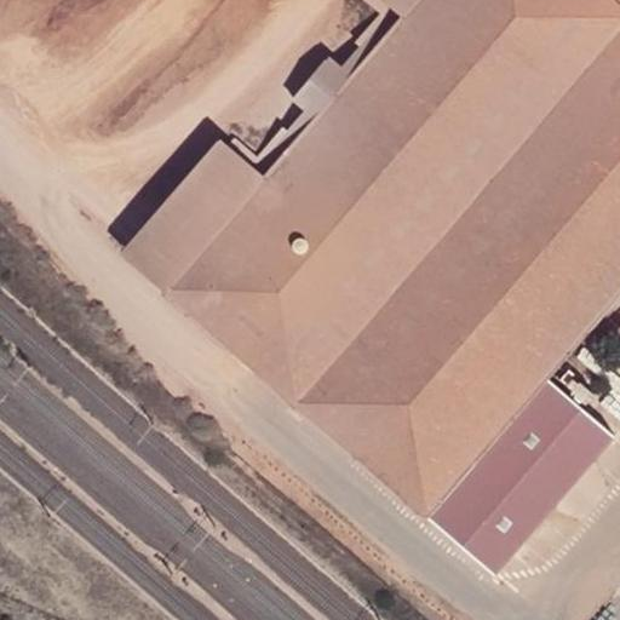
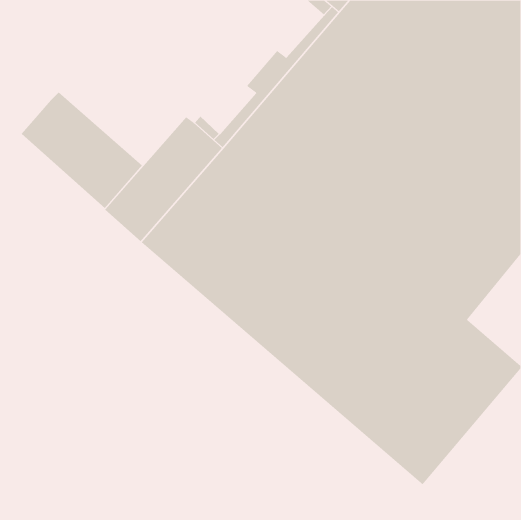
building: none -> [21,91,143,209]

